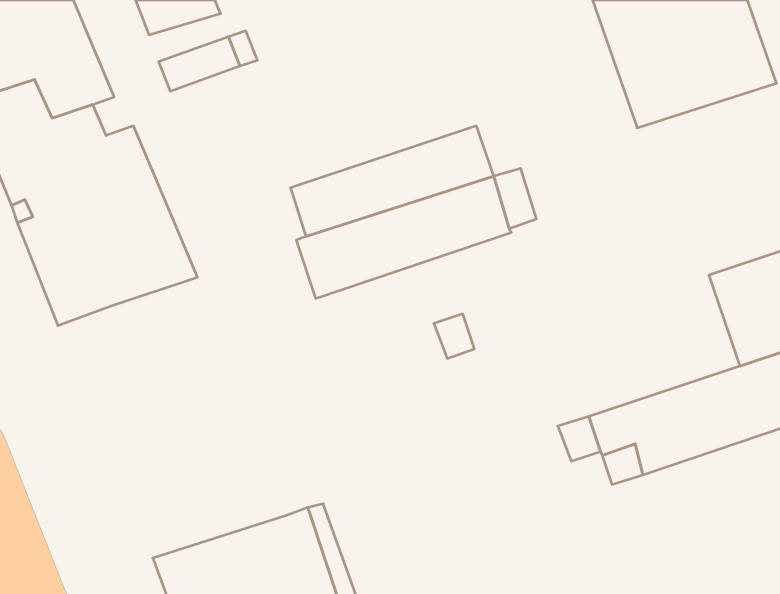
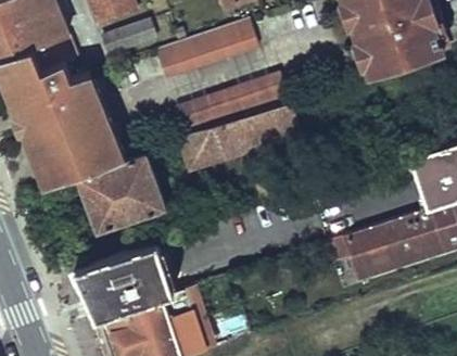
building: none -> [153,20,257,79]
building: none -> [73,152,165,233]
building: none -> [71,241,172,318]

